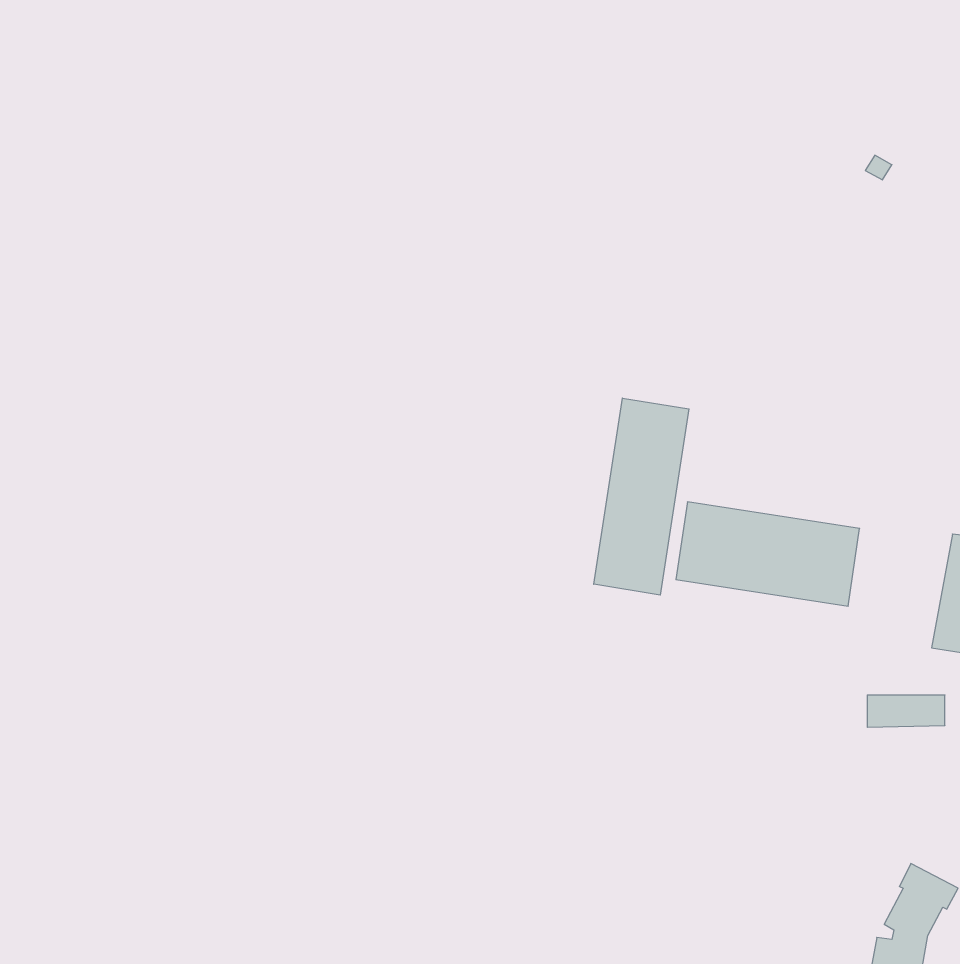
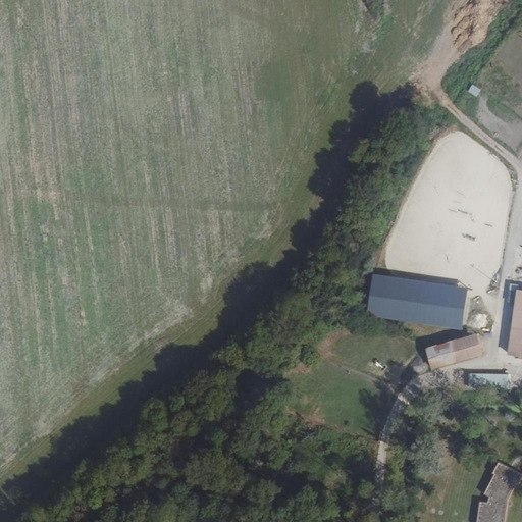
building: [594,398,689,595] -> none
building: none -> [432,334,490,370]

